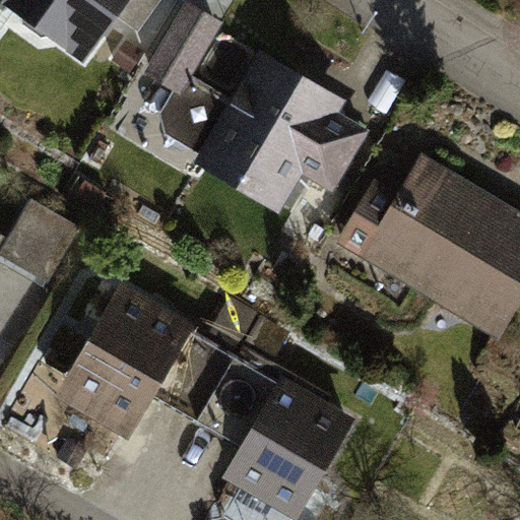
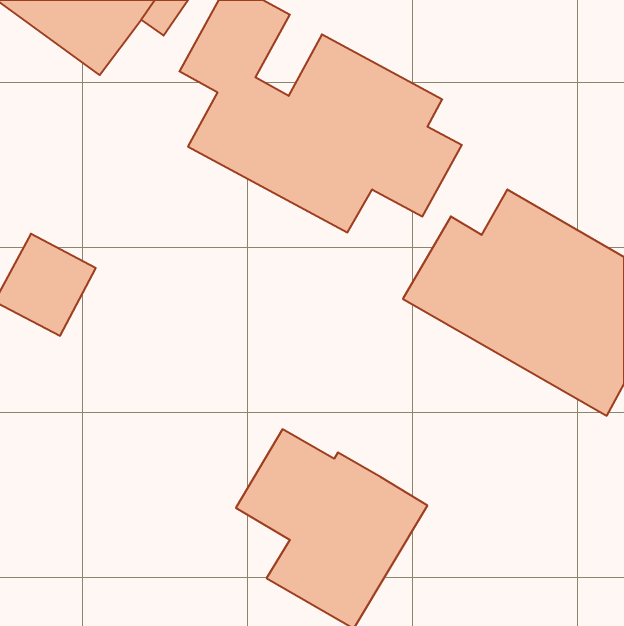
building: [56,282,234,440] -> none

